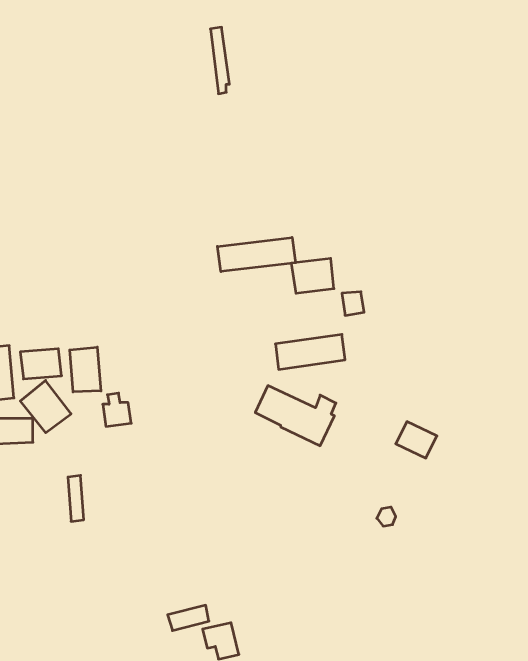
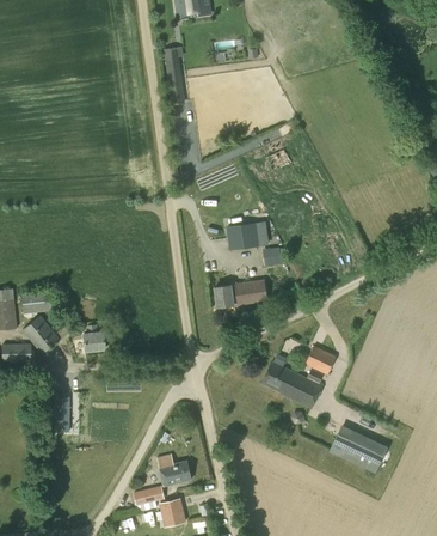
building: [217,237,296,272] -> none
building: [70,347,101,392] -> none
building: [255,386,336,446] -> [261,361,322,407]
building: none -> [328,426,386,471]
building: none -> [156,453,191,485]

